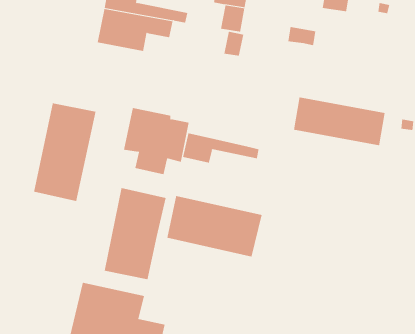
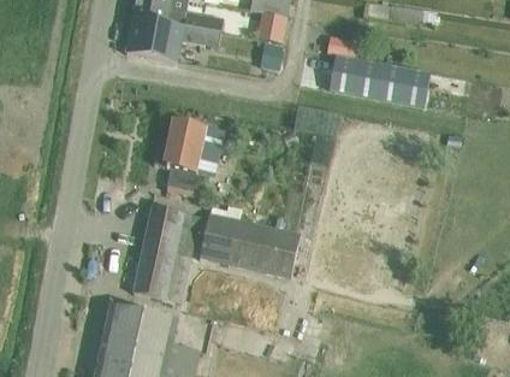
building: [293,97,386,146] -> [331,54,428,106]
building: [33,102,96,202] -> none
building: [182,132,259,163] -> none

